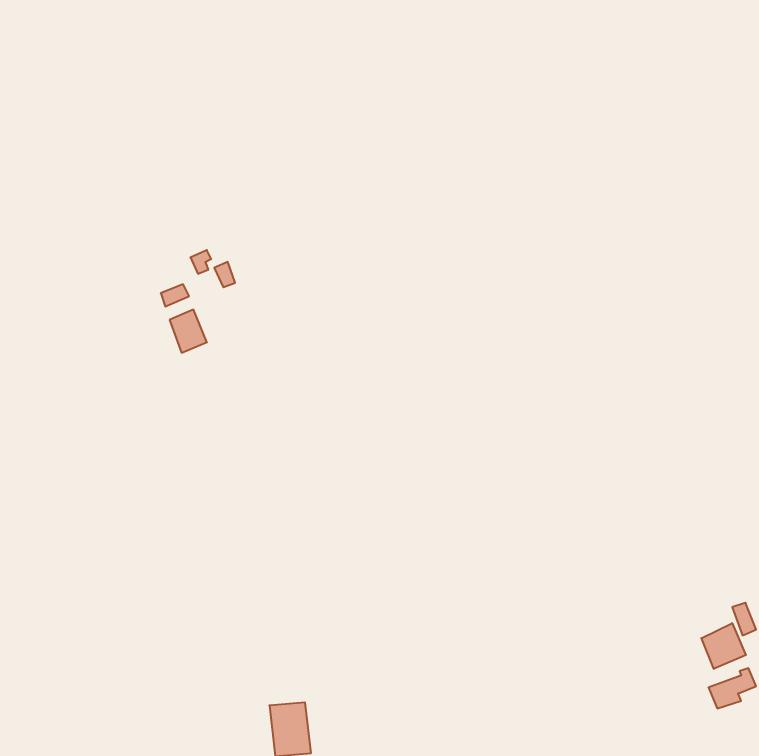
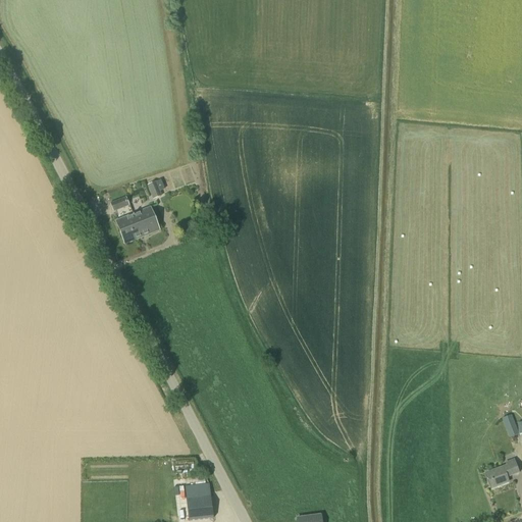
building: none -> [134,206,160,234]
building: [701,623,746,669] -> none

